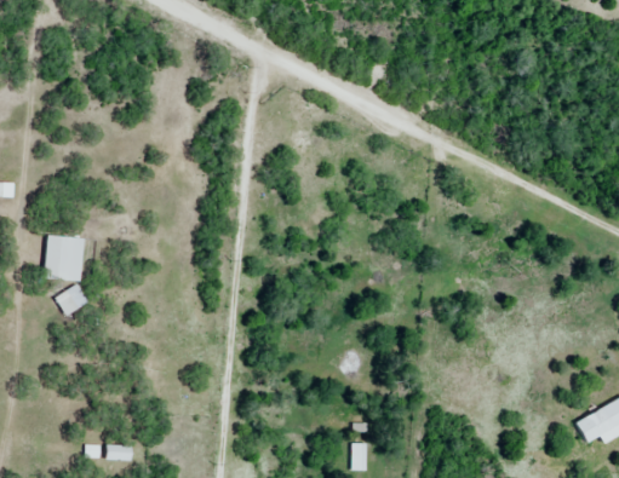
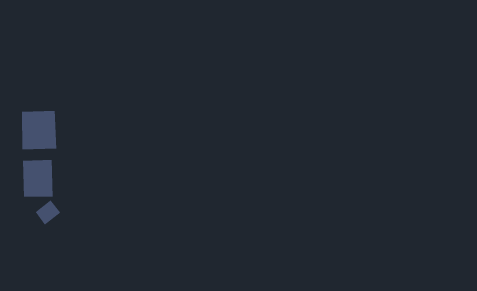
building: none -> [21,110,57,150]

